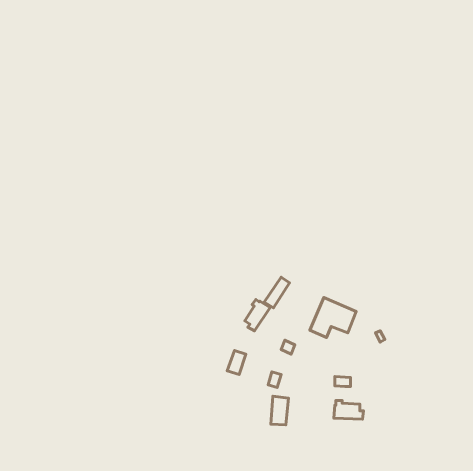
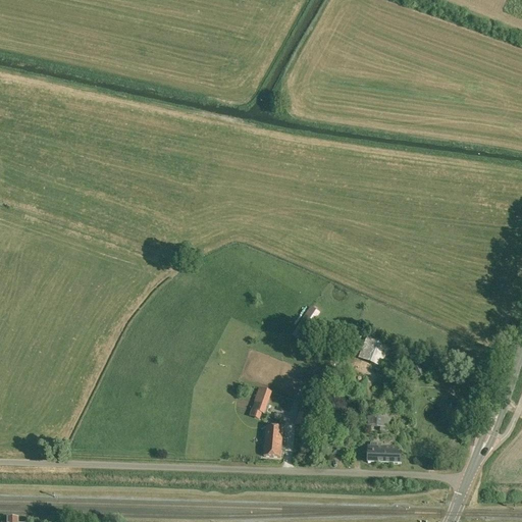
building: [245,299,270,331] -> none
building: [271,396,289,425] -> [263,424,282,456]

